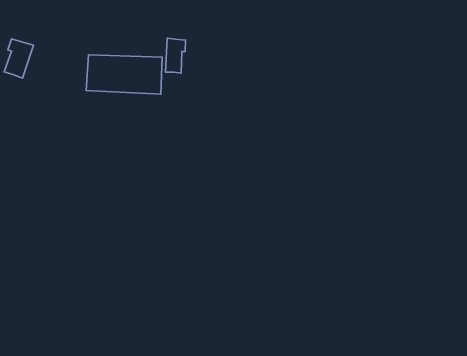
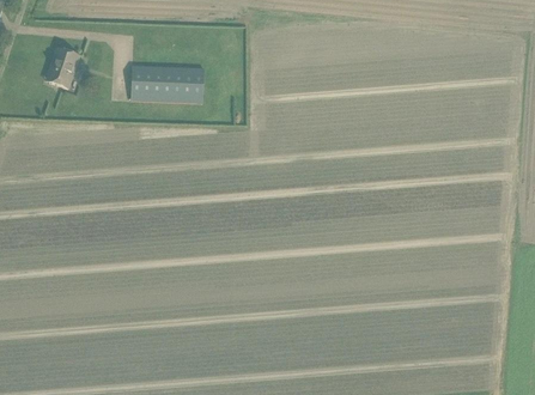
building: [166,38,186,73] -> none

